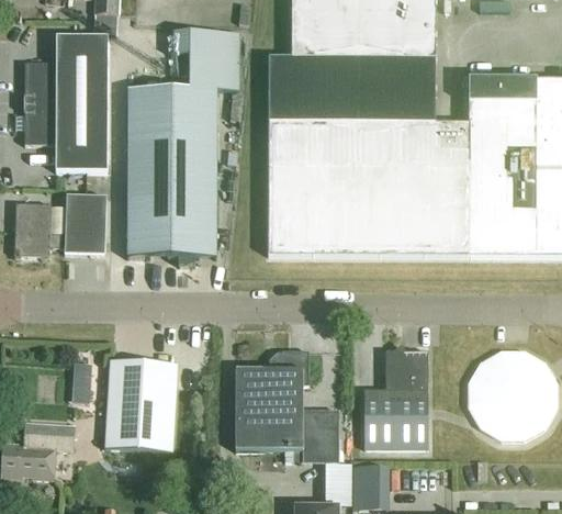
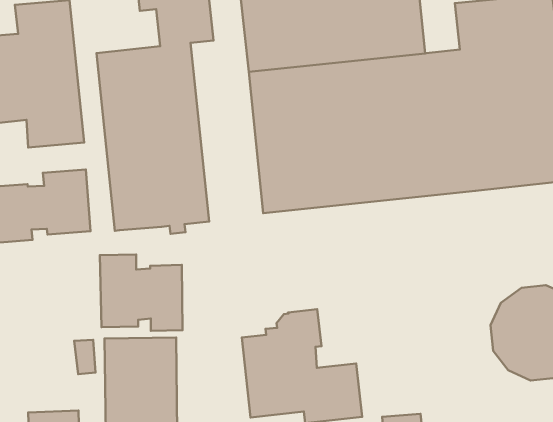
building: none -> [100,255,182,331]
building: [366,347,429,445] -> none

